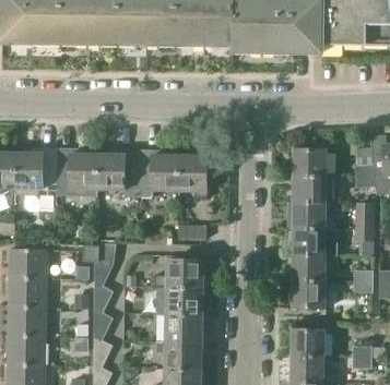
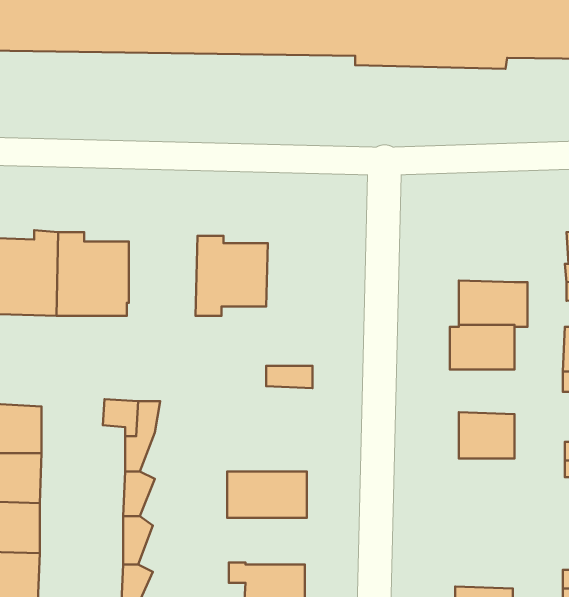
building: [97,148,138,196] -> none
building: [292,149,324,177] -> none
building: [178,154,206,197] -> none
building: [292,228,336,254] -> none
building: [152,256,203,288] -> none
building: [291,280,324,308] -> none
building: [166,315,202,342] -> none
building: [289,329,323,357] -> none

